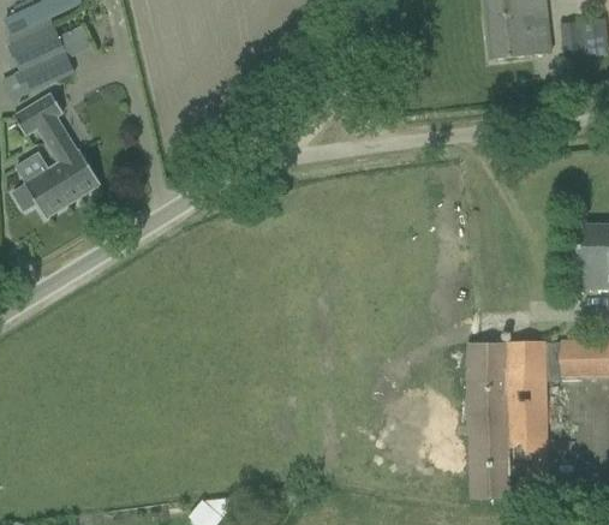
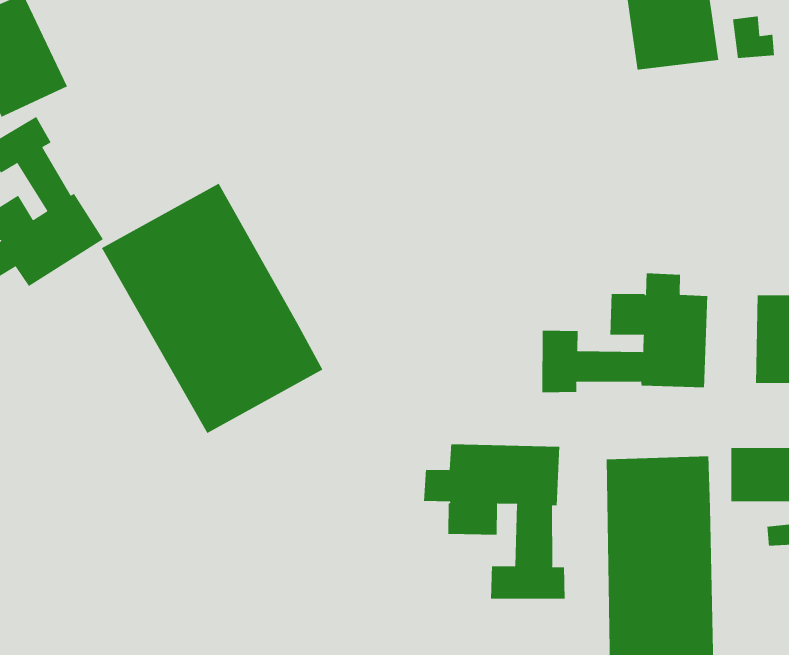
building: none -> [101,183,323,434]
building: none -> [542,273,708,393]
building: none -> [424,443,565,600]

